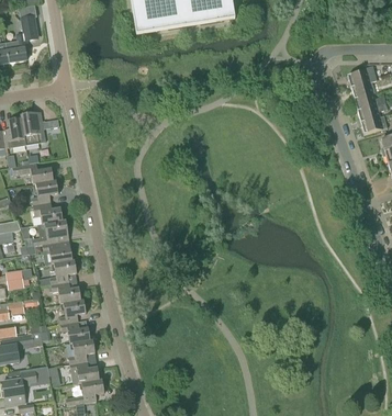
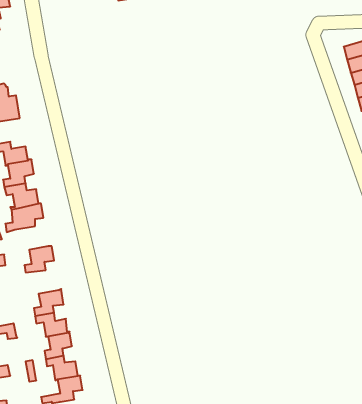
building: [41,240,71,263] -> none
building: [51,281,81,303] -> none

